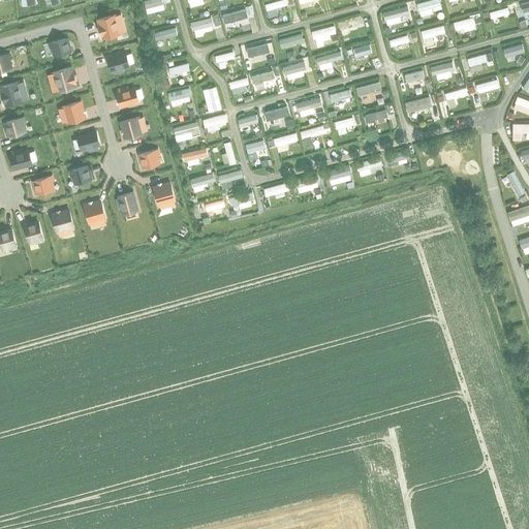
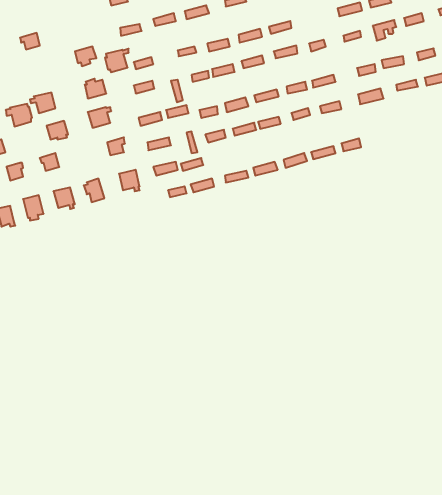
building: [97,14,122,39] -> [105,49,129,72]
building: [49,68,76,92] -> [6,104,32,126]

